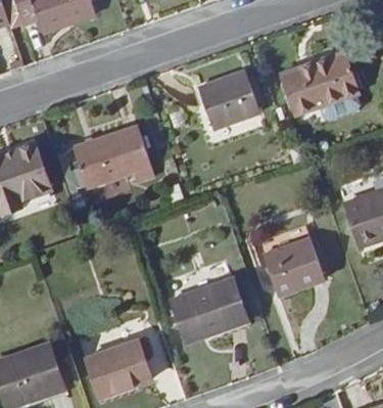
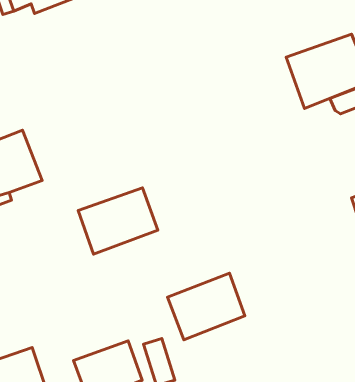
building: [200,71,260,127] -> none
building: [76,125,150,187] -> [78,188,158,254]
building: [262,236,322,291] -> none

